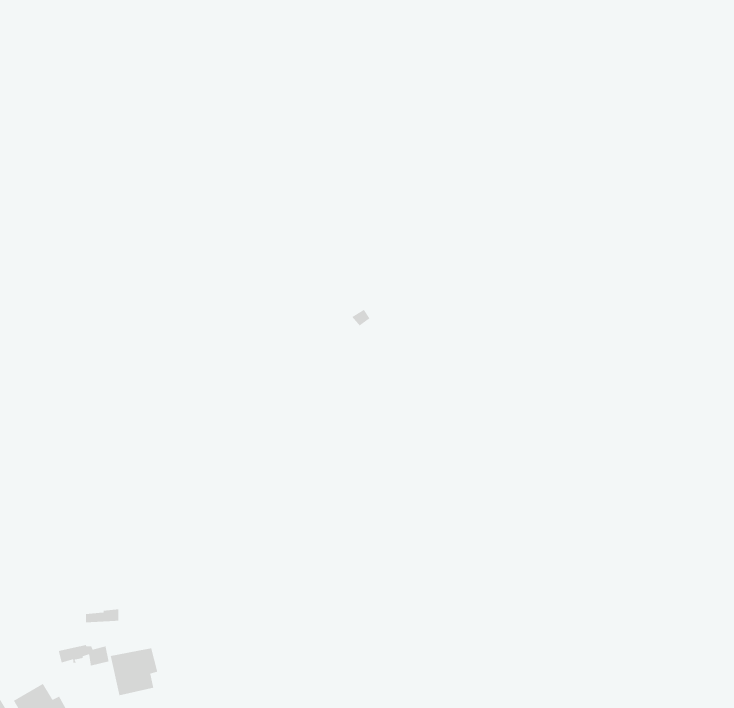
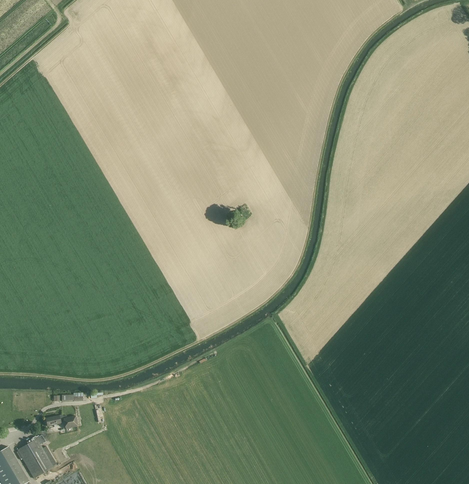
building: [110,648,158,696] -> none

